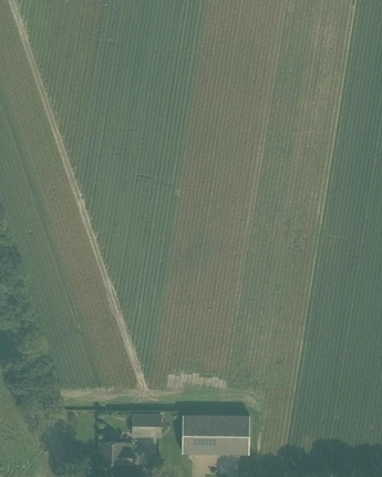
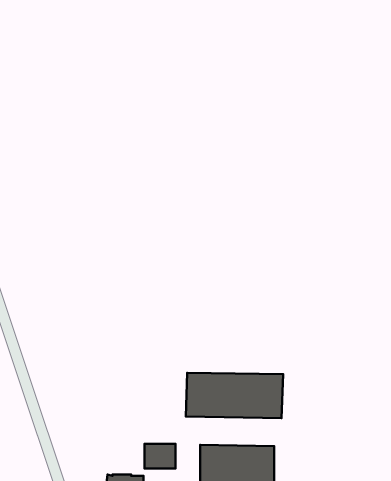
building: none -> [186,373,283,418]

